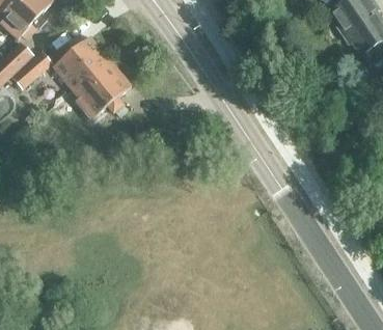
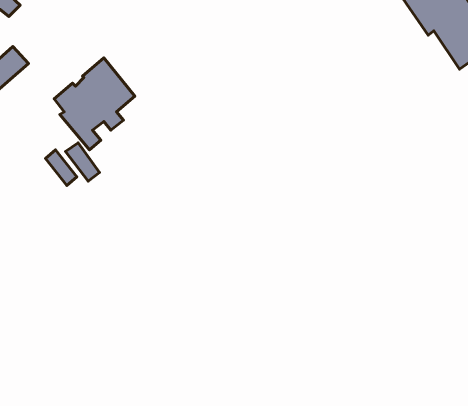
building: [47,36,109,91] -> none

